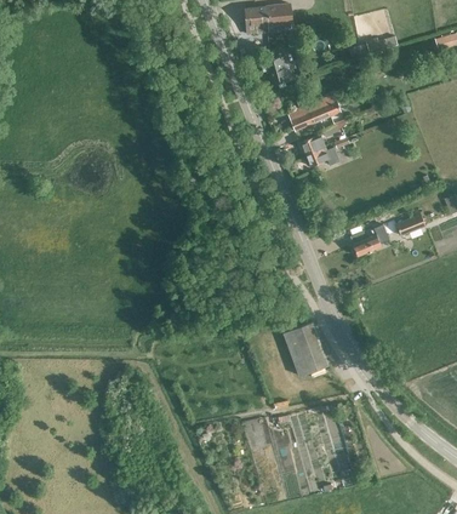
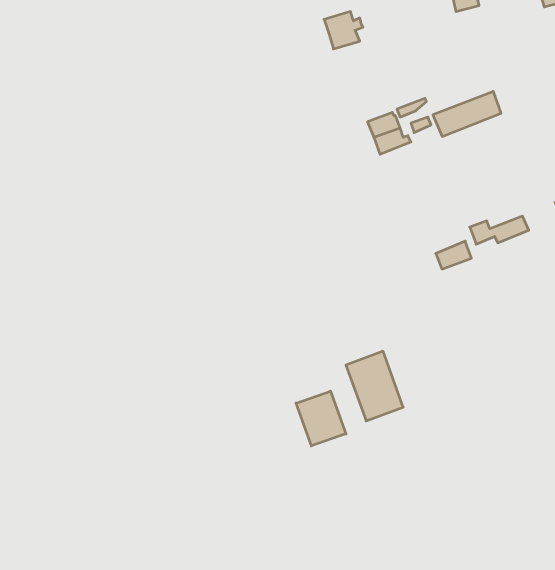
building: [289,95,342,130] -> [433,91,501,136]
building: none -> [296,391,346,446]

